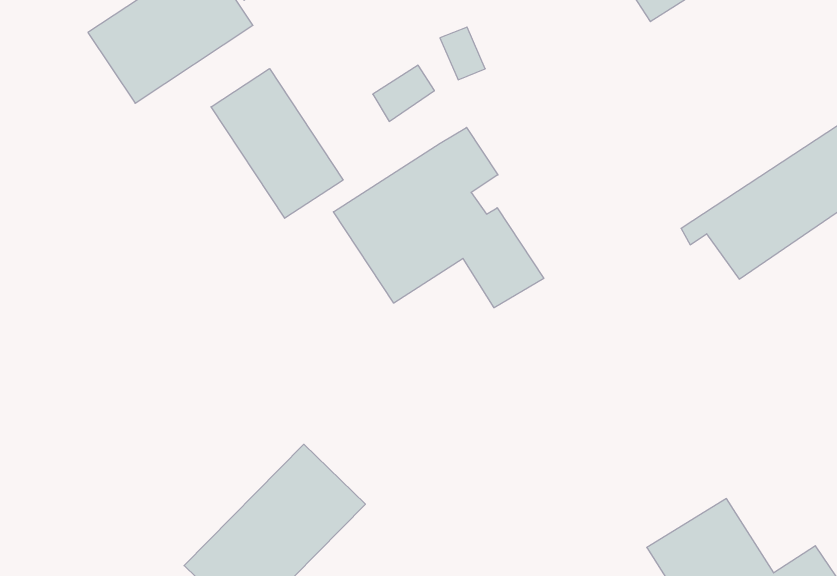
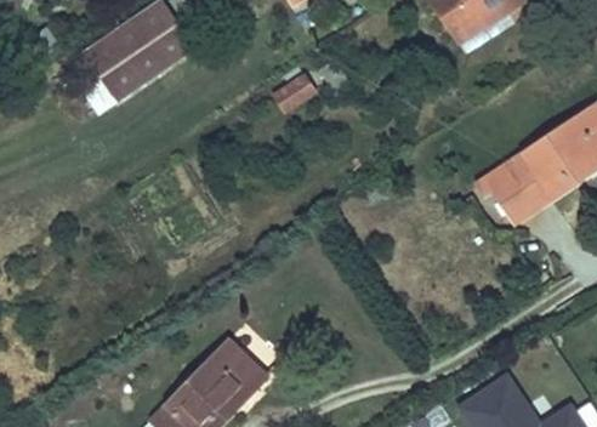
building: [211,69,343,218] -> none
building: [333,127,544,308] -> none

